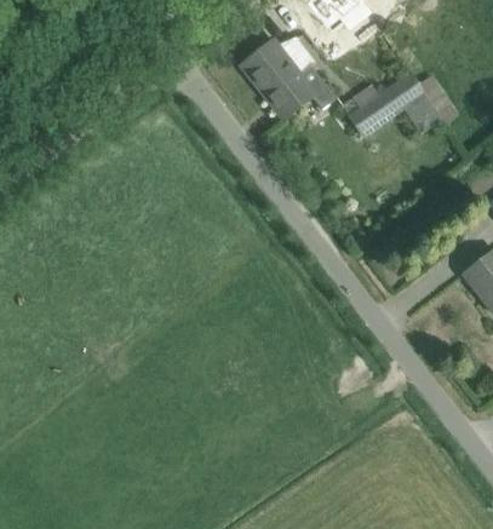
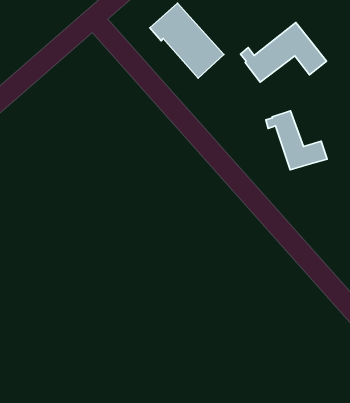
building: none -> [266,111,327,170]

